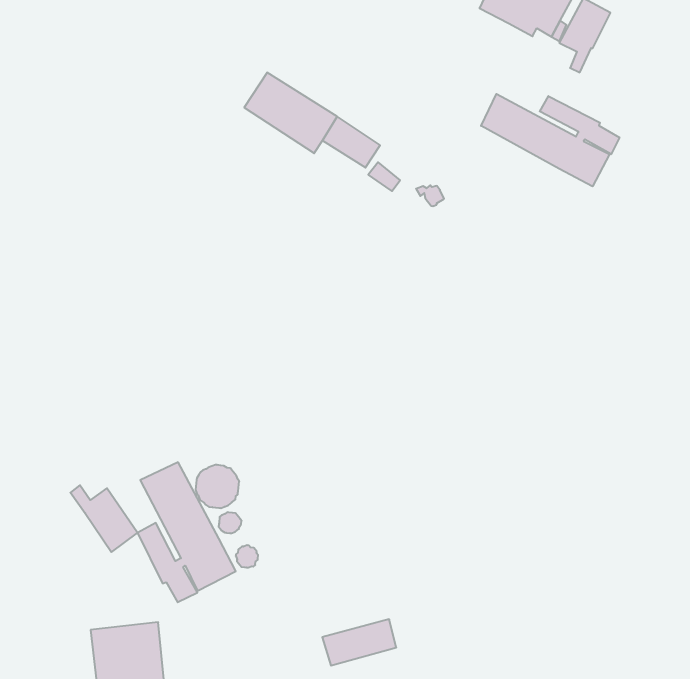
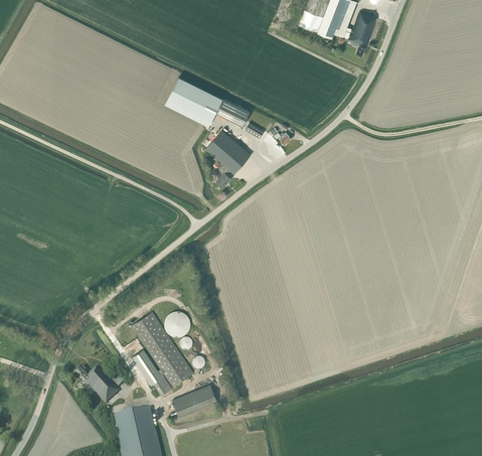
building: [481,94,619,186] -> none
building: none -> [205,131,250,188]
building: [70,485,138,552] -> [76,367,119,405]
building: [322,619,396,666] -> [172,386,216,417]

